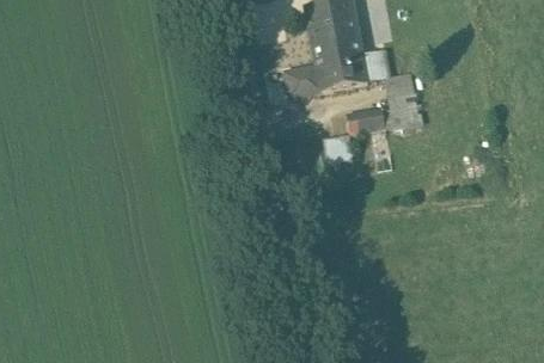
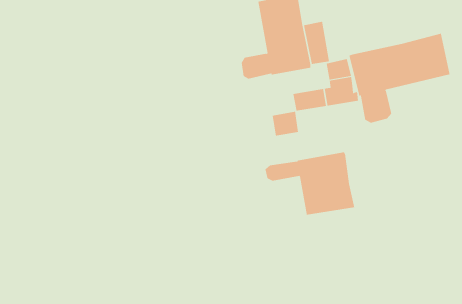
building: none -> [349,33,450,123]
building: none -> [265,152,355,216]

